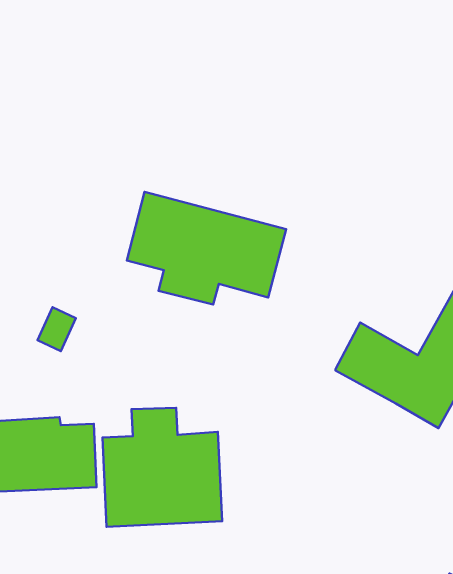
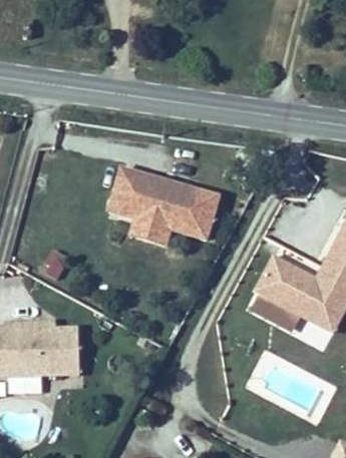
building: none -> [245,290,301,336]
building: [102,408,222,527] -> none

